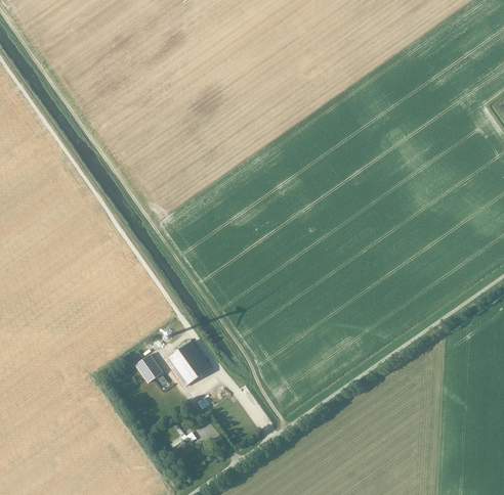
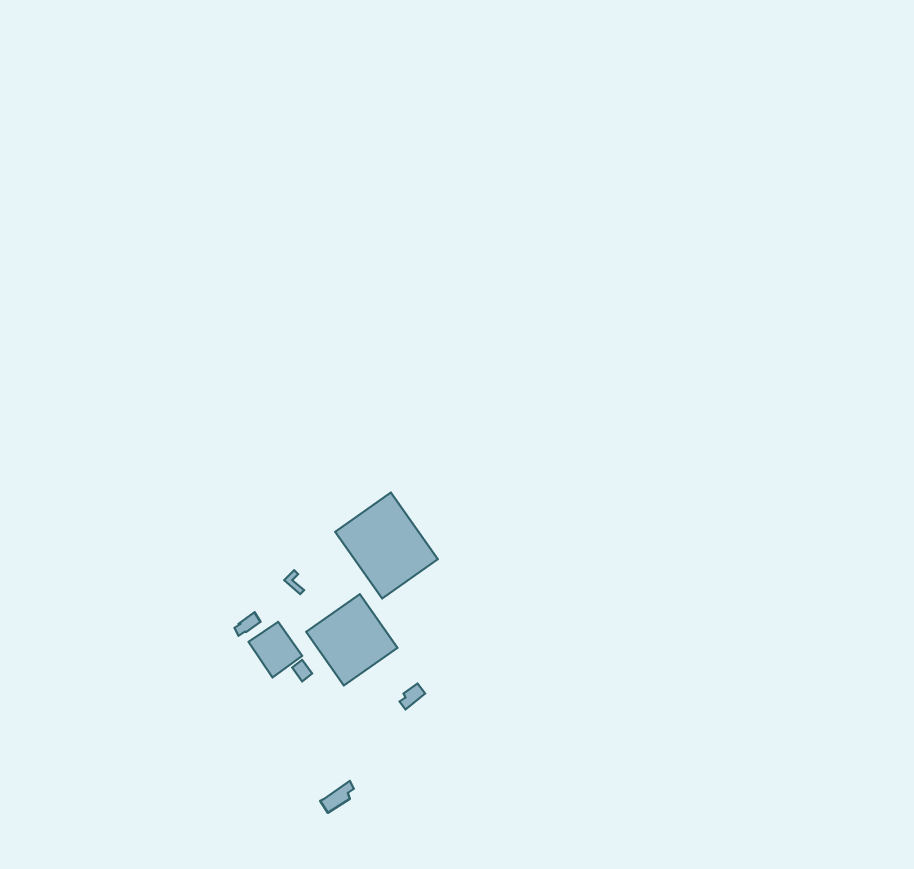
building: none -> [335,492,438,599]

